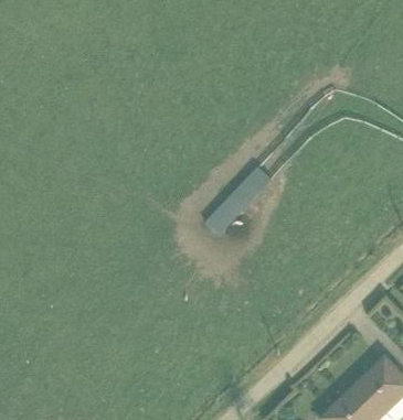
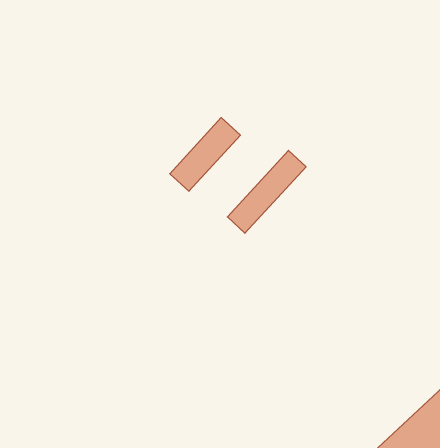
building: none -> [170,118,240,191]

